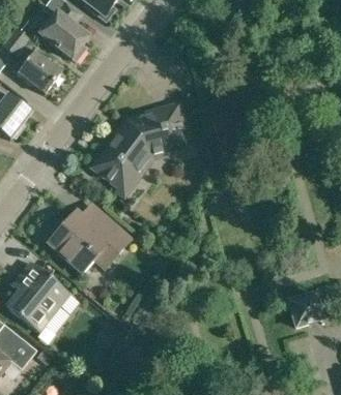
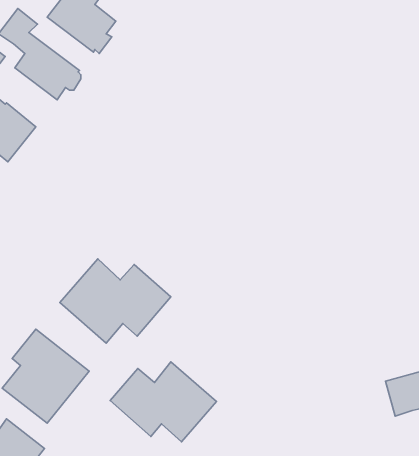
building: [92,102,190,189] -> none
building: none -> [110,362,216,442]

